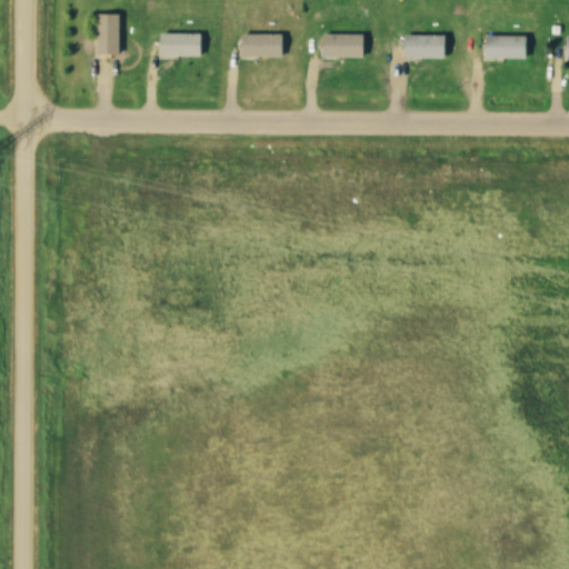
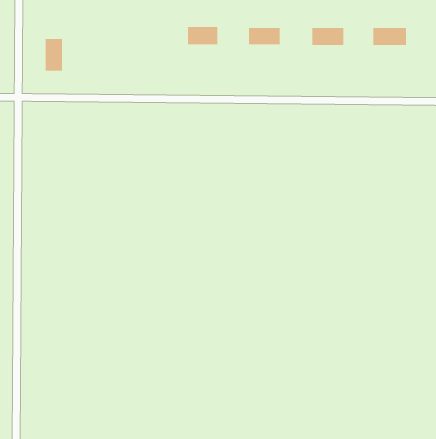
building: [96,13,119,56] -> [45,39,63,71]
building: [160,34,201,58] -> none

